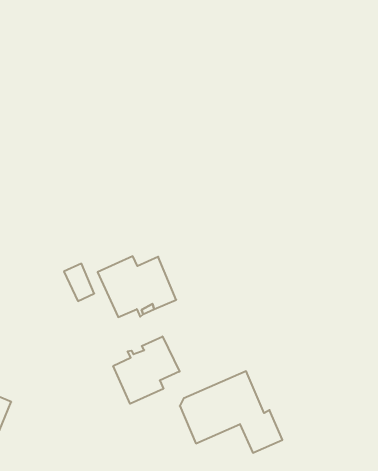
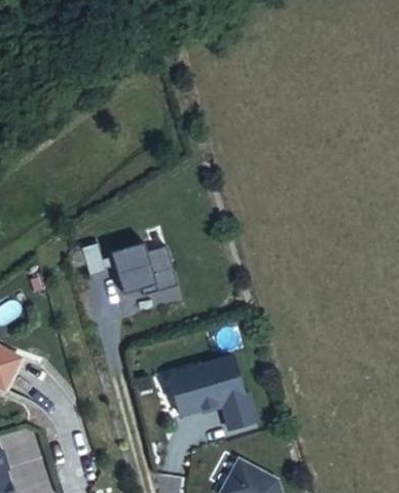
building: [113,336,180,404] -> none

